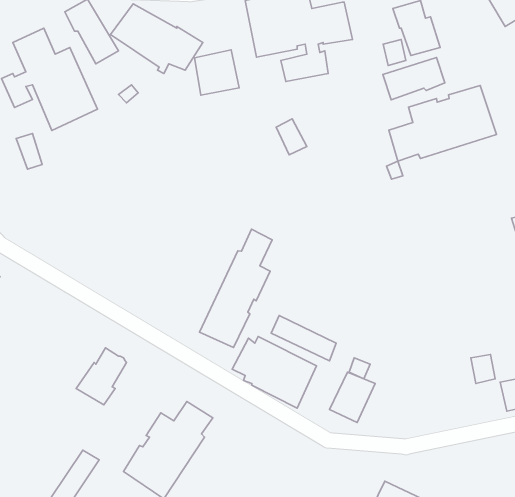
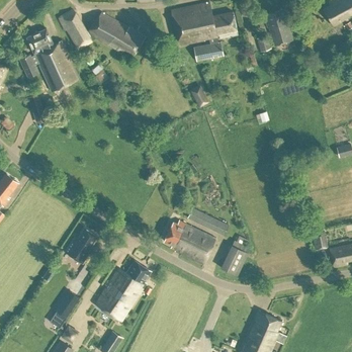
building: [195,50,239,95] -> none
building: [383,58,445,100] -> none
building: [389,85,496,161] -> none
building: [199,229,272,347] -> none

